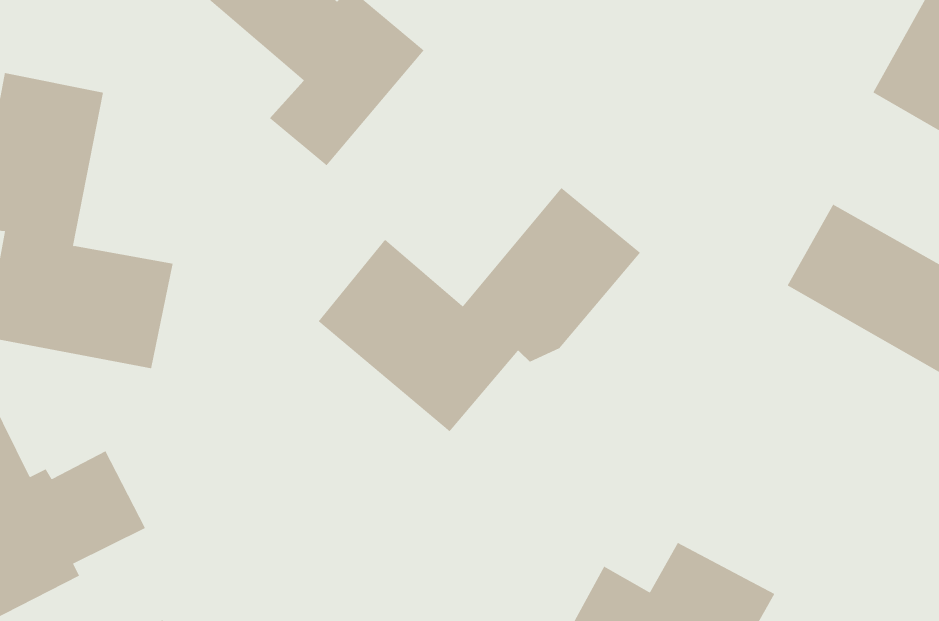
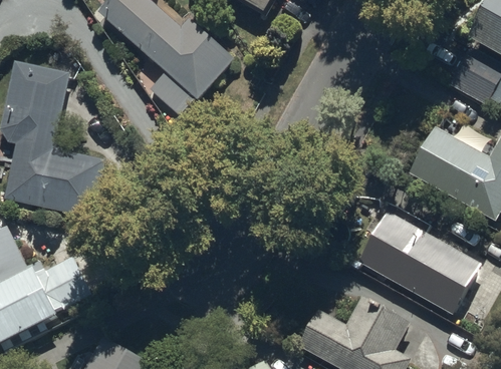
building: [318,187,641,432] -> none
building: none -> [360,220,479,311]

